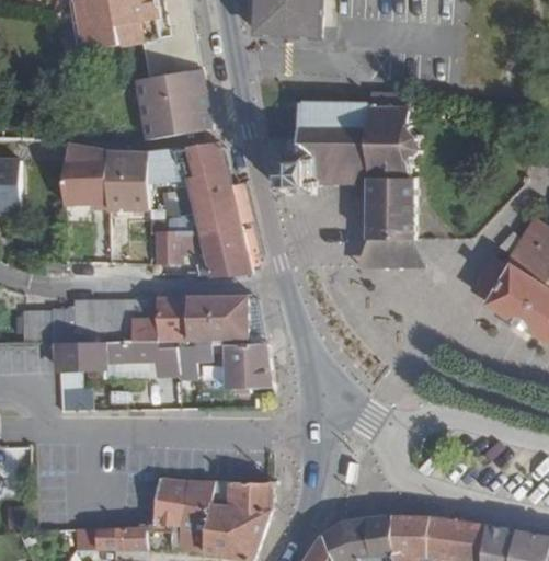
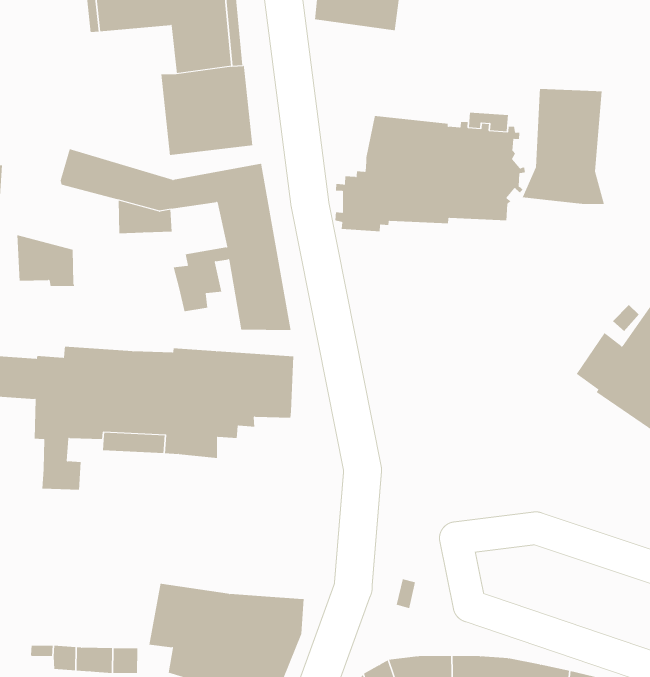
building: [62,174,111,213] -> [16,234,75,287]
building: [357,179,422,267] -> [522,88,605,205]
building: [225,343,274,388] -> none

